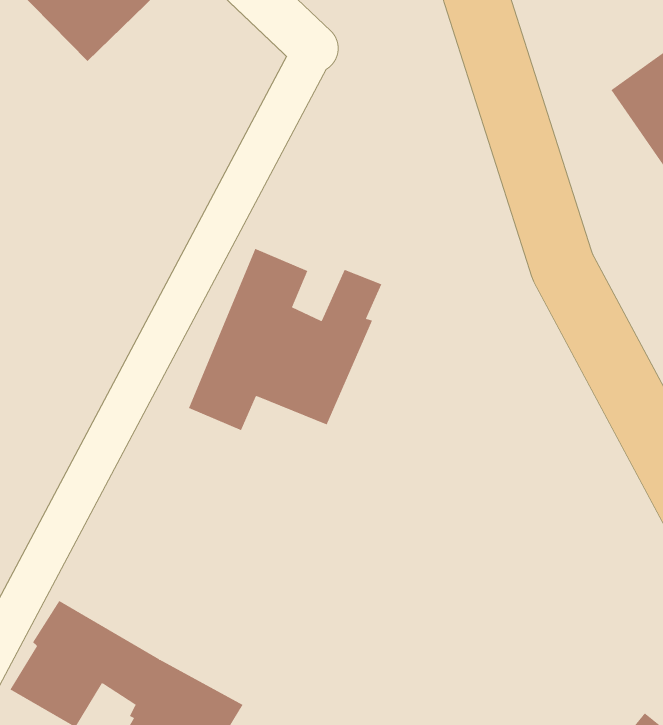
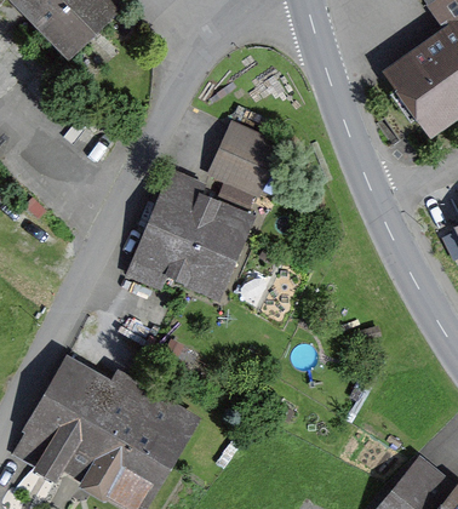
building: none -> [213,127,276,191]
building: none -> [46,364,188,461]

